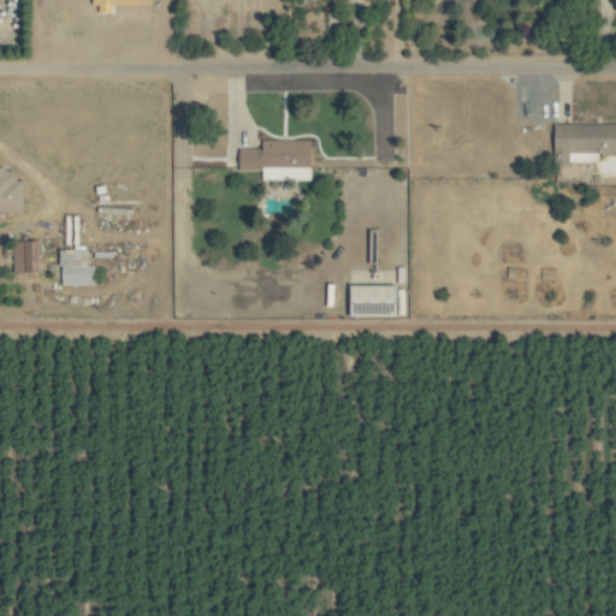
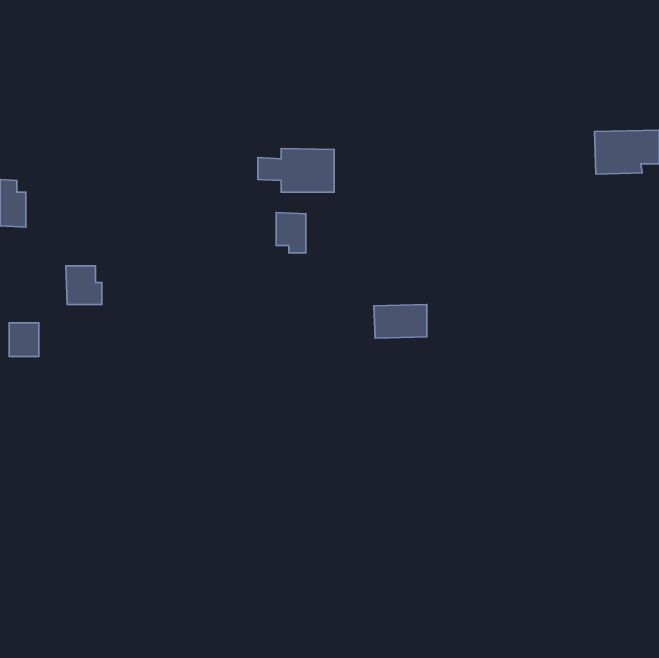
building: none -> [276,212,306,253]
building: [13,239,41,271] -> [9,323,39,357]

